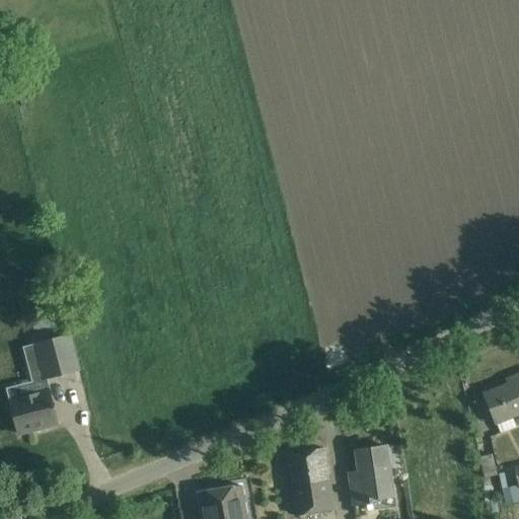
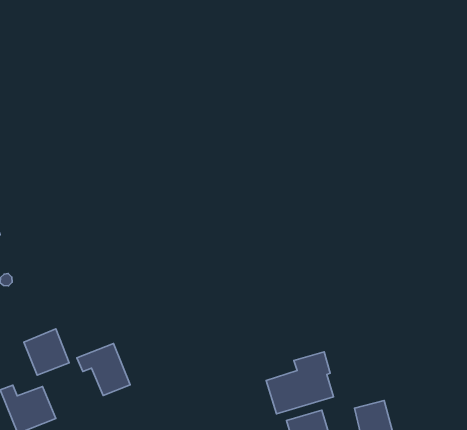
building: none -> [77,344,130,395]
building: none -> [266,352,333,414]

